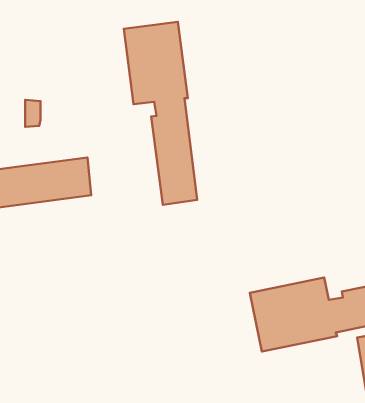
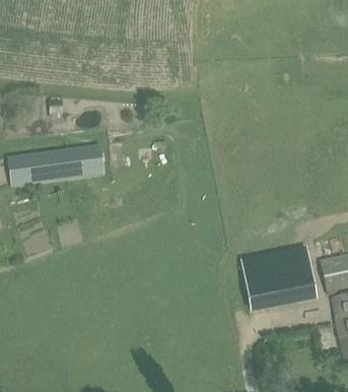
building: [124,22,197,205] -> none

